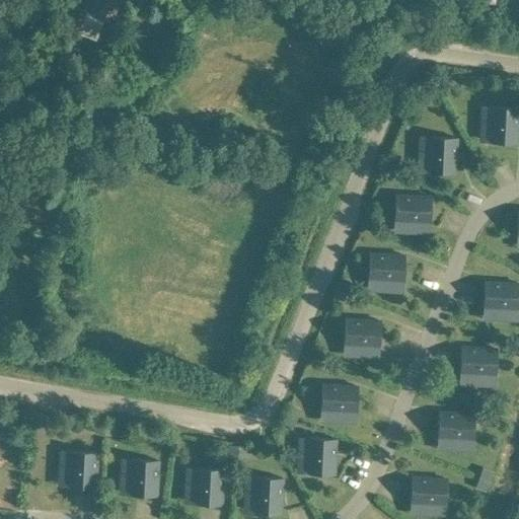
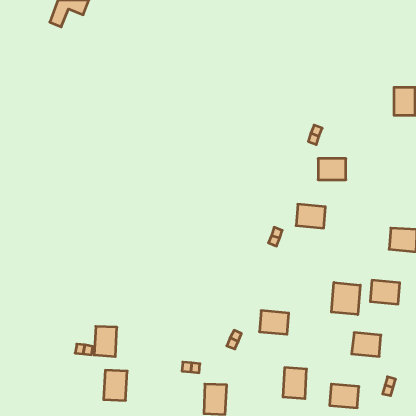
building: [430,140,456,174] -> none
building: [345,322,381,351] -> none
building: none -> [331,282,360,315]
building: [307,439,337,477] -> [283,368,307,399]
building: [69,453,97,491] -> [94,326,117,357]
building: [195,469,224,508] -> none

